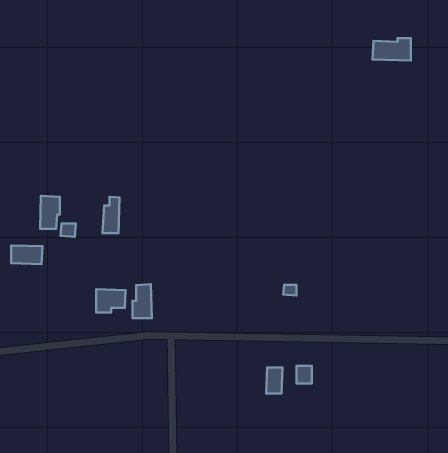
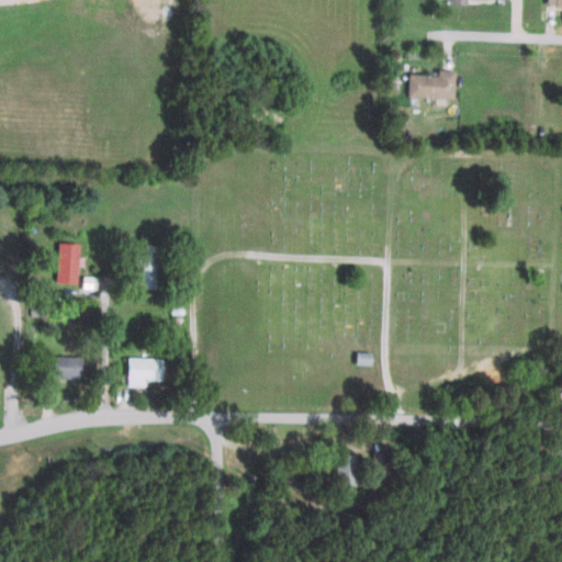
building: [372,38,411,60] -> [409,71,457,99]
building: [11,245,42,264] -> [44,357,82,380]
building: [132,284,152,318] -> none

